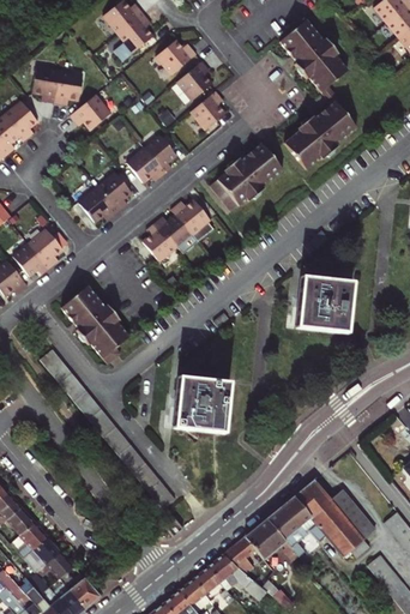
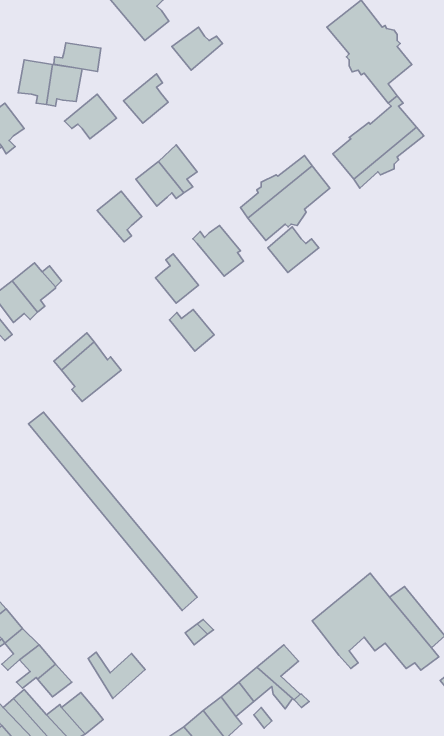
building: none -> [54,43,101,71]
building: [175,60,211,100] -> [124,74,168,123]
building: [189,90,225,130] -> none
building: [77,187,116,222] -> none
building: none -> [268,227,319,272]
building: [156,213,192,247] -> [169,310,214,351]
building: [296,276,350,332] -> none
building: [83,315,128,365] -> none
building: [173,377,228,433] -> none
building: [245,517,289,558] -> none
building: none -> [88,652,145,699]

